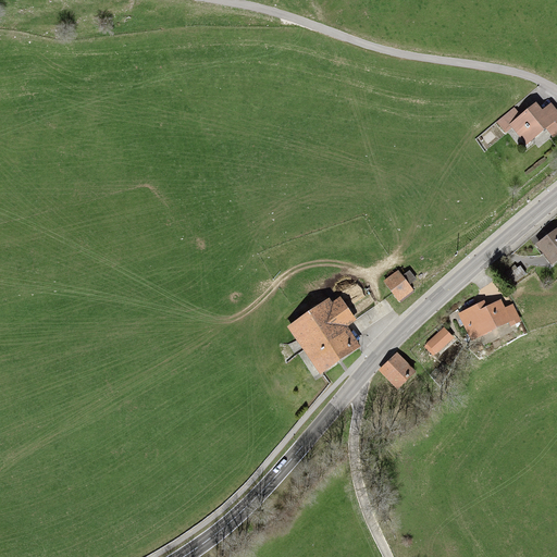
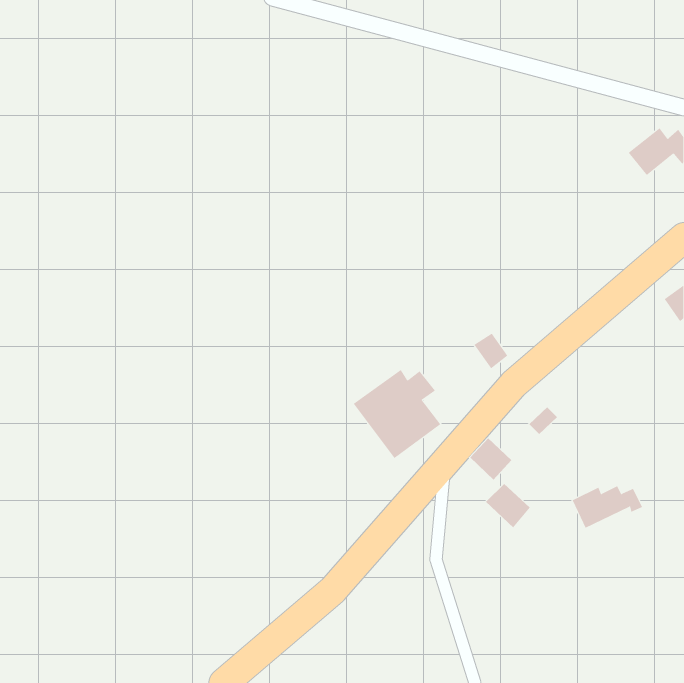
building: [461,301,519,336] -> [572,486,643,528]
building: none -> [485,483,531,528]

